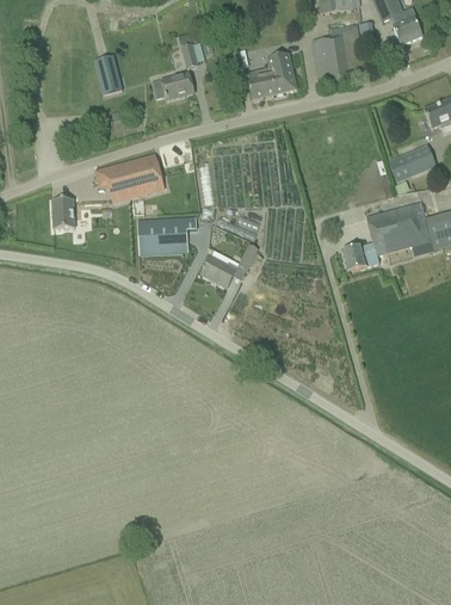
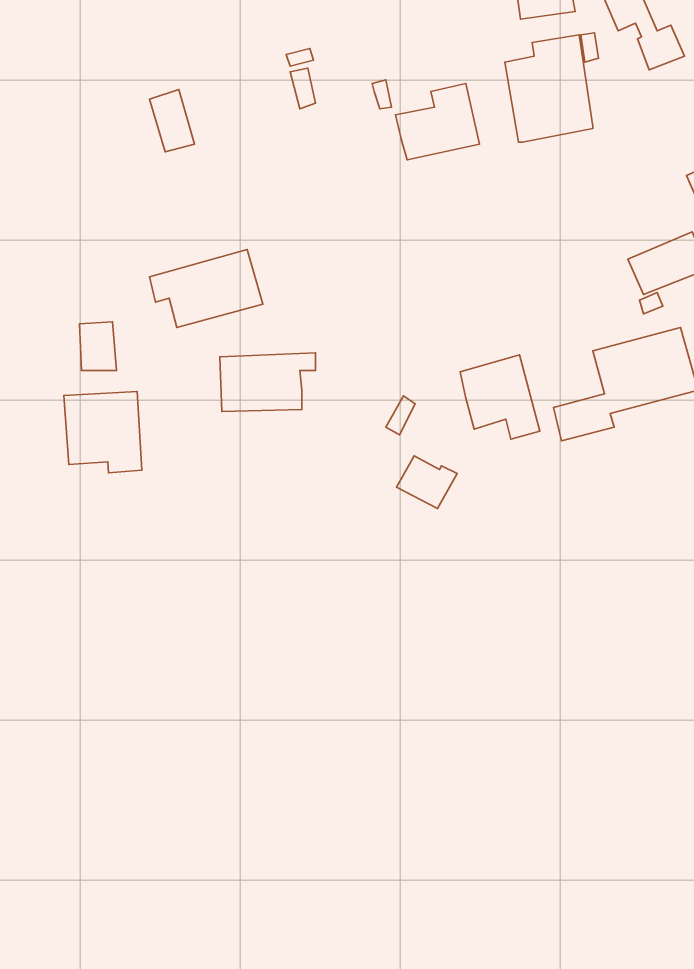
building: [153,72,193,100] -> none
building: none -> [460,355,540,439]
building: none -> [64,391,142,473]
building: [202,254,239,286] -> [397,456,457,509]

